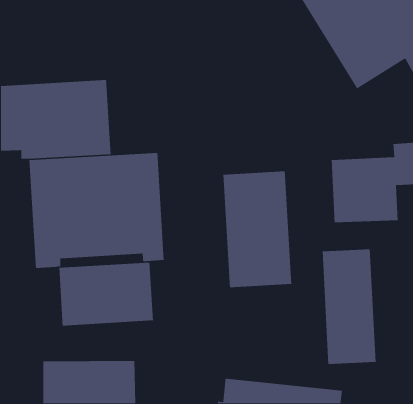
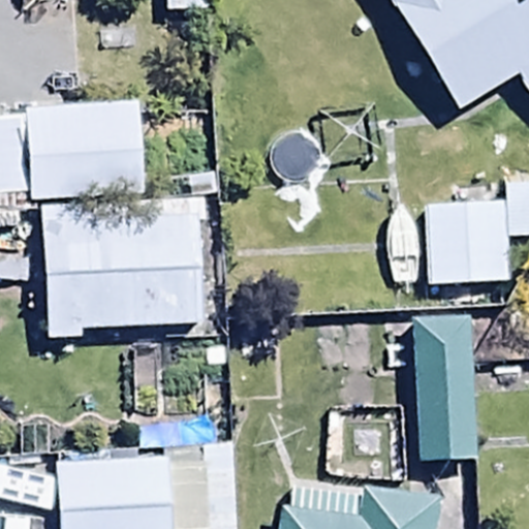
building: [222,170,292,288] -> none
building: [58,262,154,326] -> none

